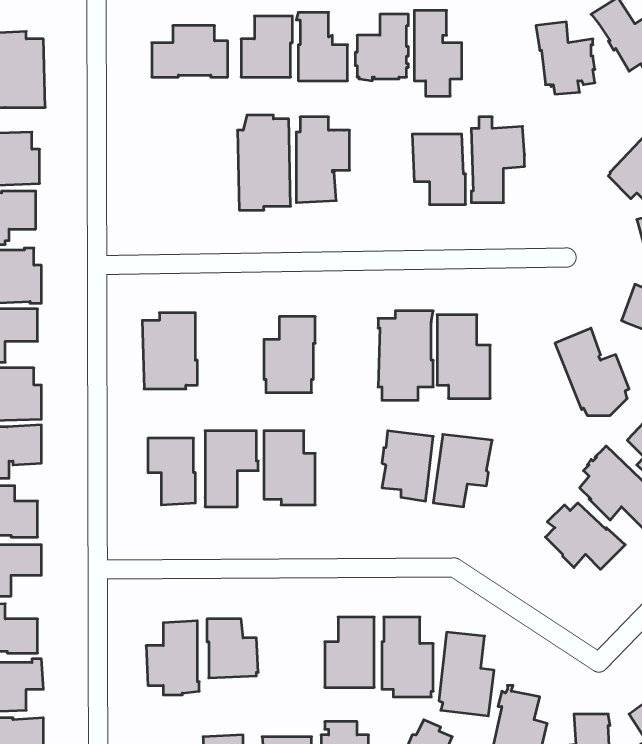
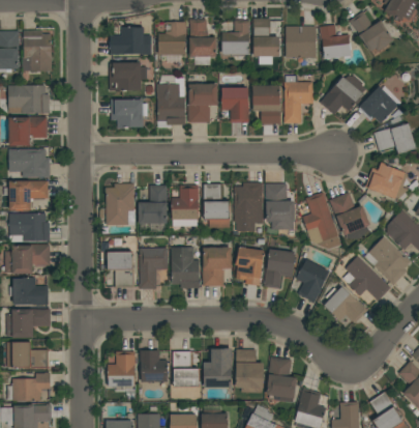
building: none -> [285,26,316,58]
building: none -> [109,63,146,91]
building: none -> [319,76,366,115]
building: none -> [221,88,248,122]
building: none -> [111,99,143,129]
building: none -> [203,183,230,228]
building: none -> [138,186,167,224]
building: none -> [302,192,340,250]
building: none -> [202,248,231,286]
building: none -> [295,259,329,304]
building: none -> [172,351,199,388]

